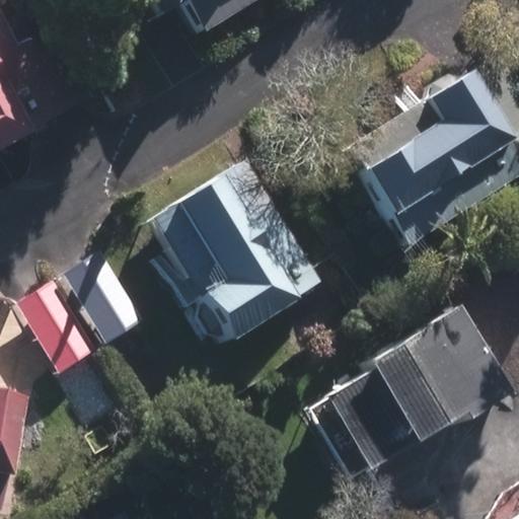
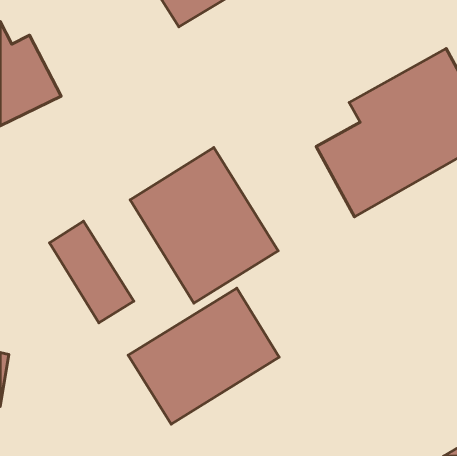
building: [330,317,497,461] -> none
building: none -> [128,288,279,424]

